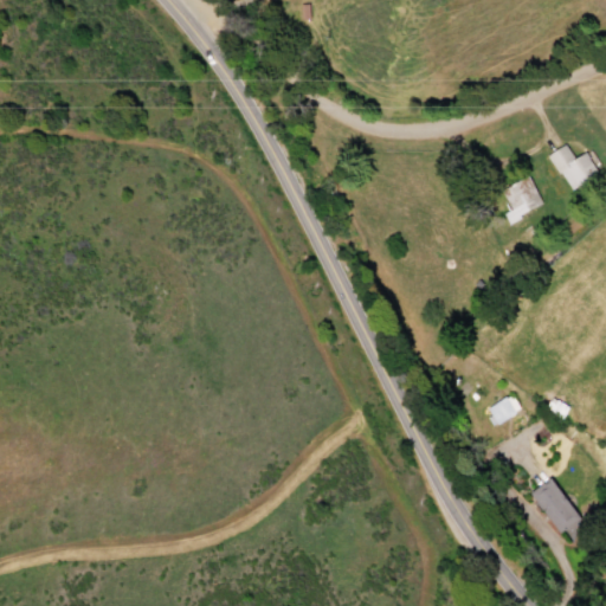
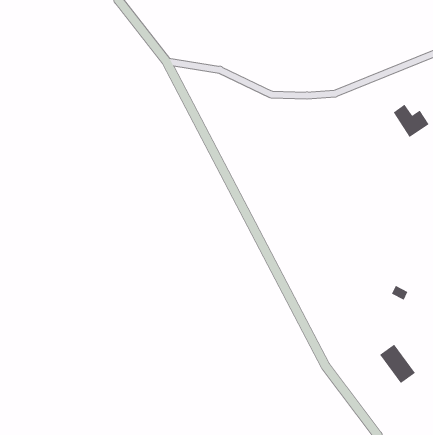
building: [503,176,543,218] -> none
building: [486,394,522,426] -> none

